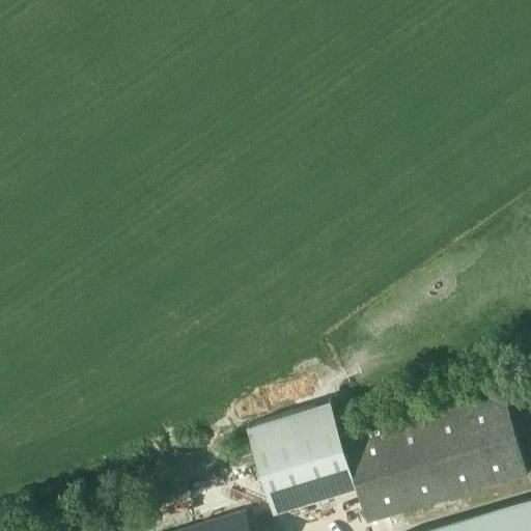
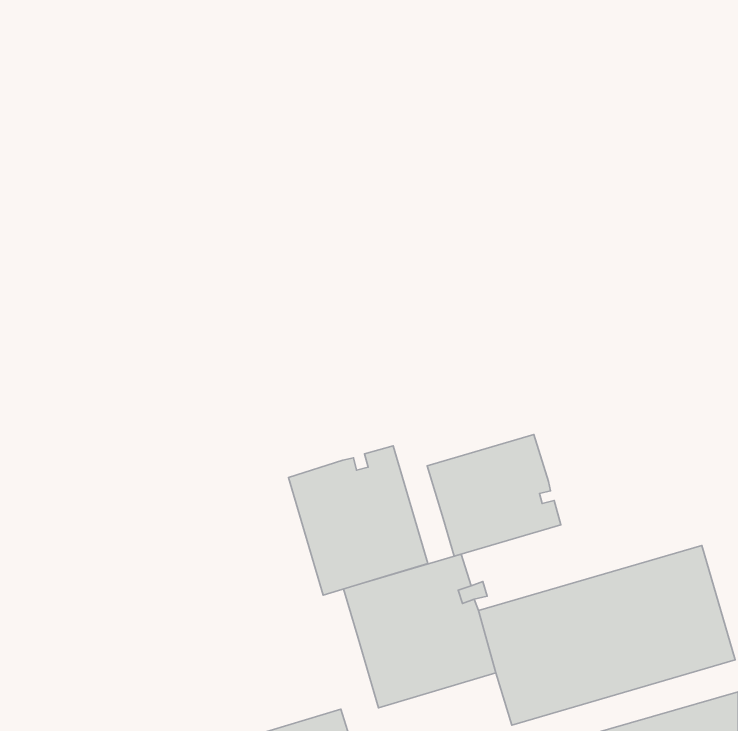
building: none -> [427,435,561,556]
building: none -> [288,446,428,595]

